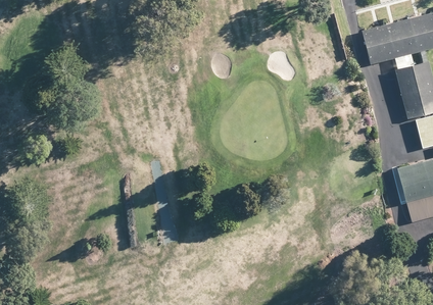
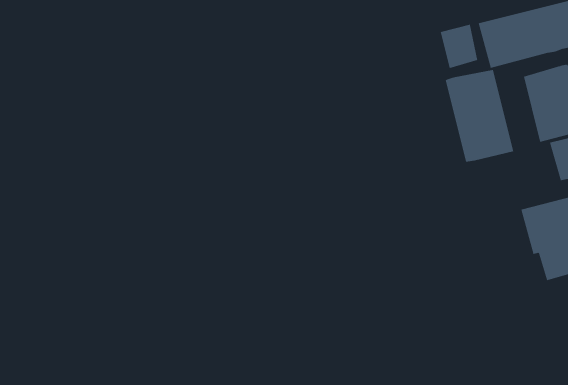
building: none -> [440,24,478,69]
building: none -> [445,69,514,163]

